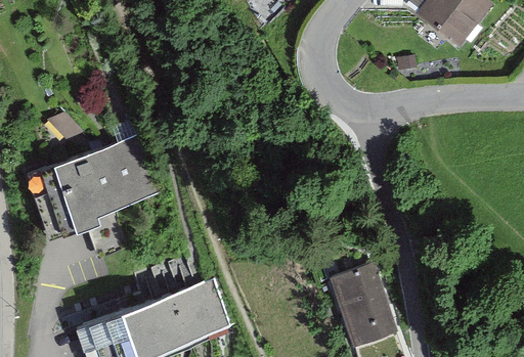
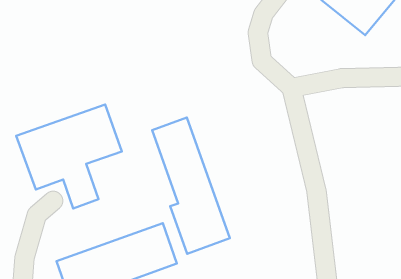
building: none -> [152,117,230,254]
building: [331,262,399,348] -> none

